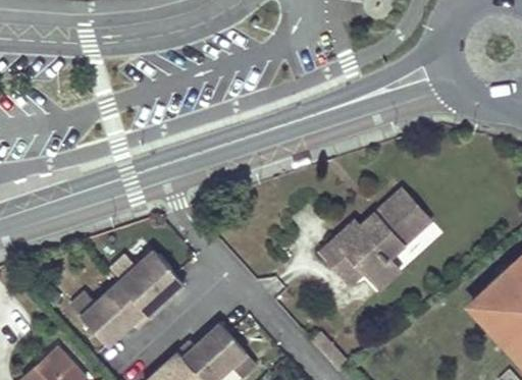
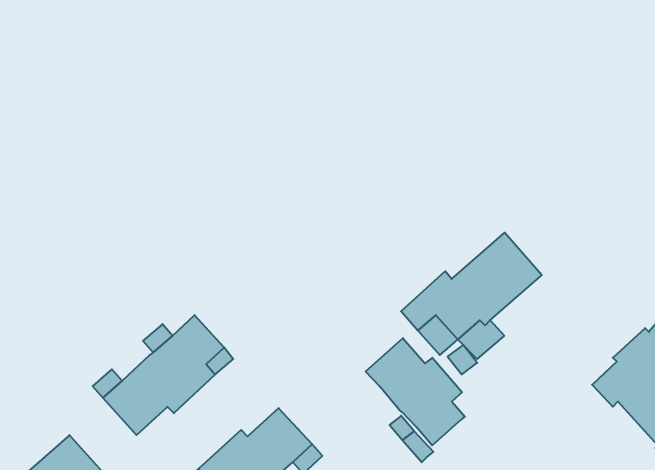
building: none -> [366,338,465,445]

